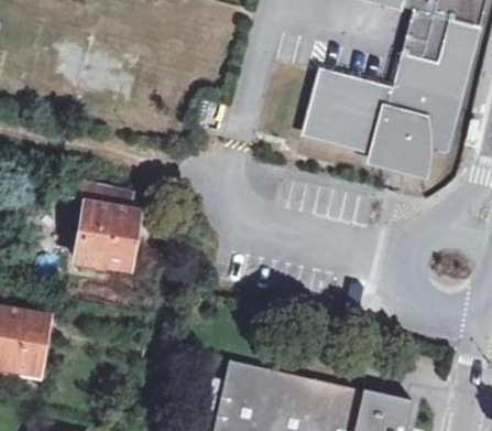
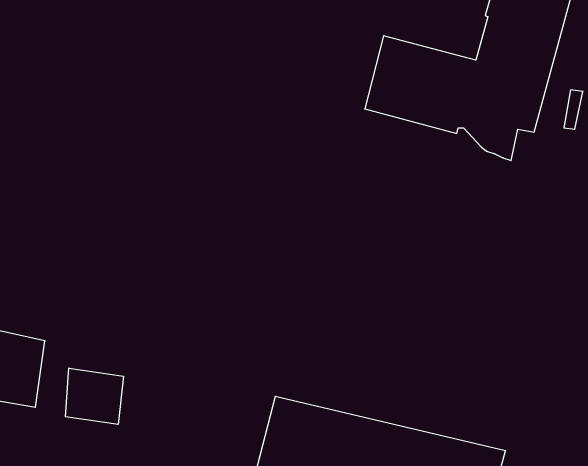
building: [67,179,136,268] -> none
building: none -> [66,368,123,424]

